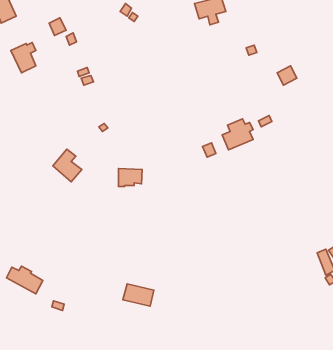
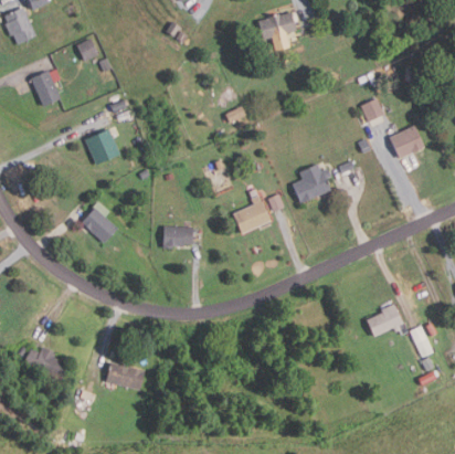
building: none -> [389,125,424,159]
building: none -> [84,128,119,165]
building: none -> [231,194,269,233]
building: none -> [366,304,408,336]
building: [123,284,154,306] -> [105,361,144,389]

